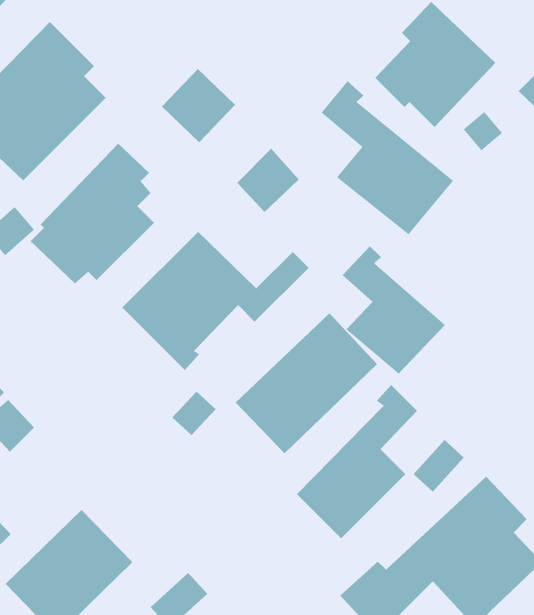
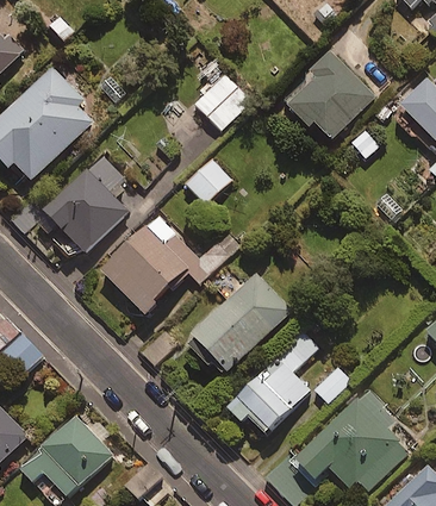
building: [161,68,236,143] -> [194,74,248,127]
building: [321,80,454,235] -> none
building: [342,245,446,375] -> none

